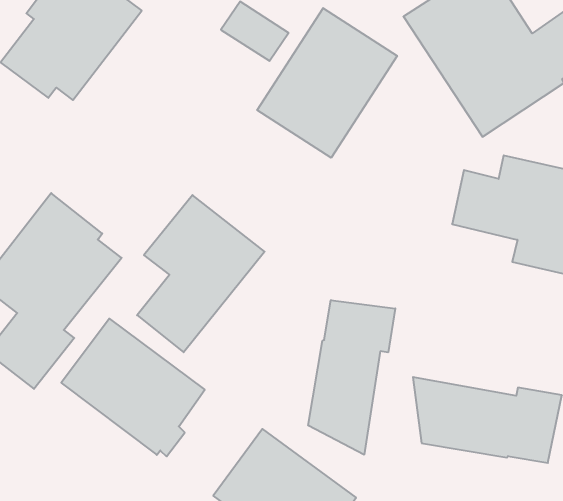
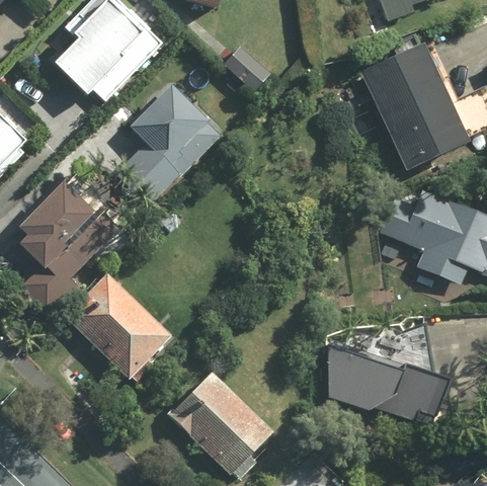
building: [257,8,397,158] -> none
building: [137,195,265,352] -> [118,83,221,200]
building: [308,300,395,455] -> none

